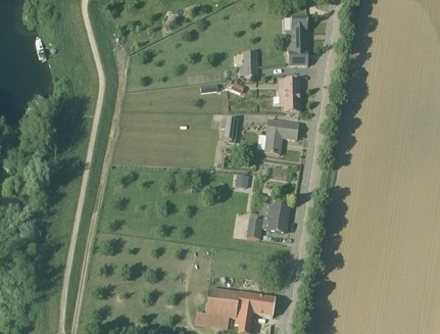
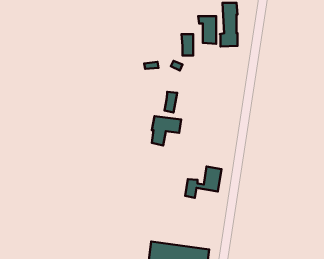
building: [279,79,299,110] -> [198,16,216,44]
building: [264,118,298,152] -> [152,116,181,145]

